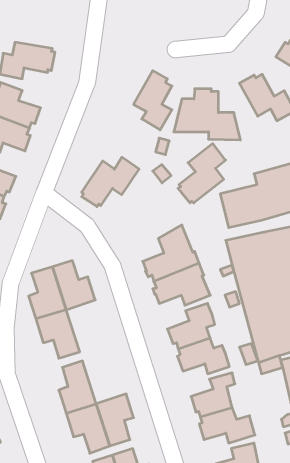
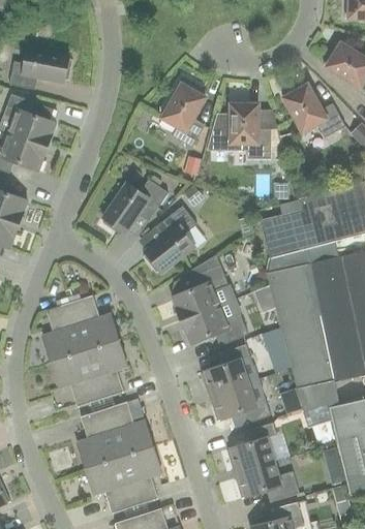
building: [178,144,226,203] -> [144,206,197,273]
building: none -> [86,340,128,399]
building: none -> [104,402,154,458]

